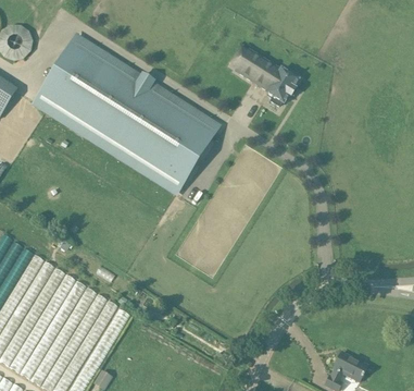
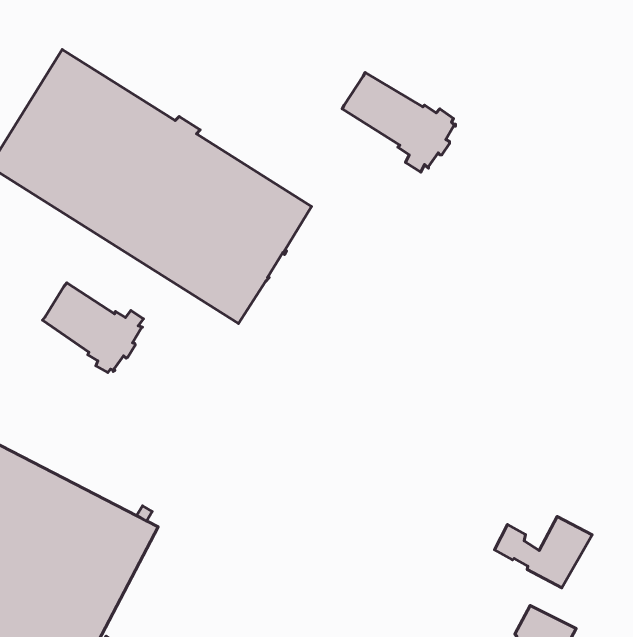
building: none -> [43,283,144,373]
building: none -> [494,516,592,588]

